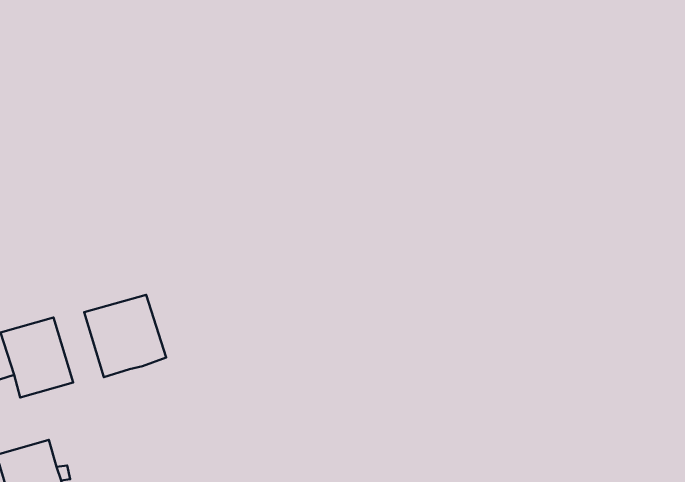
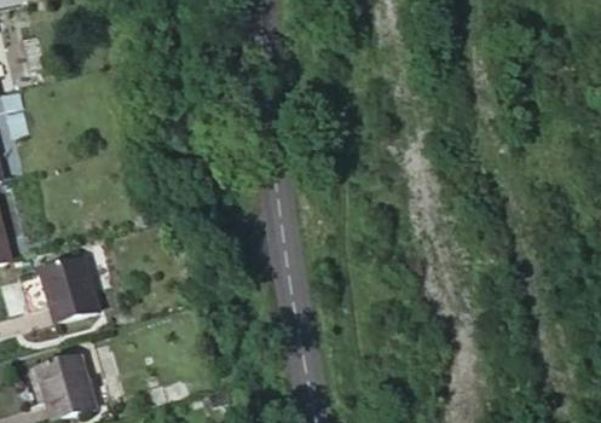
building: [84,295,166,377] -> none

